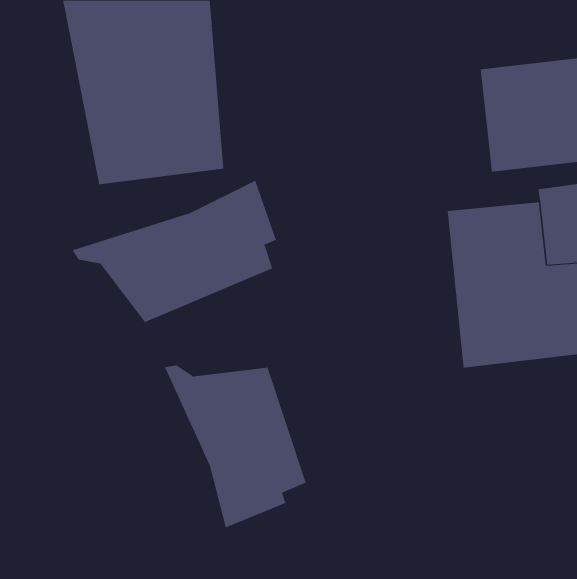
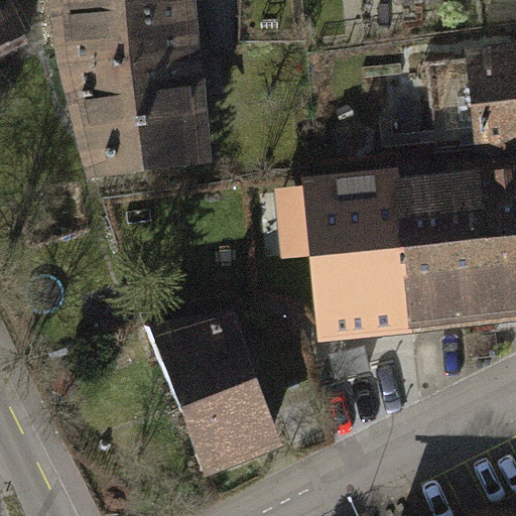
building: [72,180,276,323] -> none
building: none -> [298,175,413,336]

